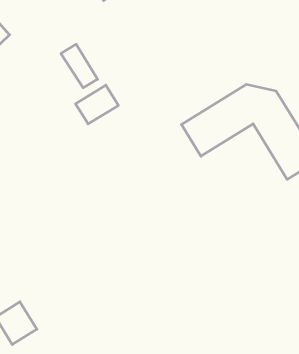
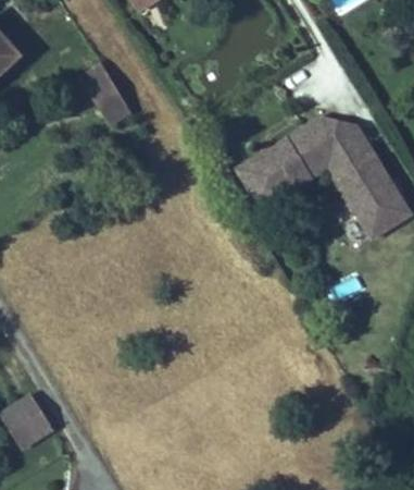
building: [76,85,118,124] -> none

